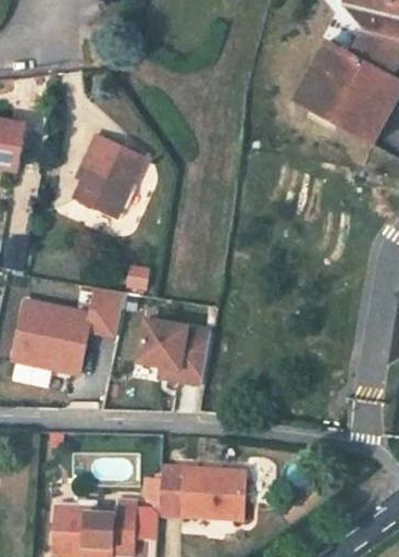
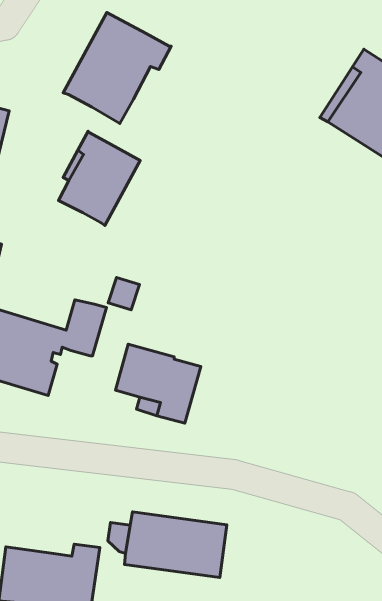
building: none -> [63,13,171,123]

